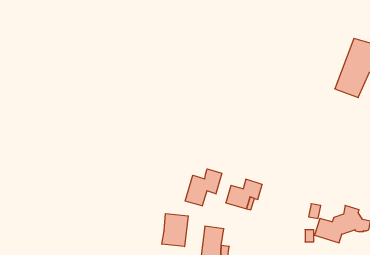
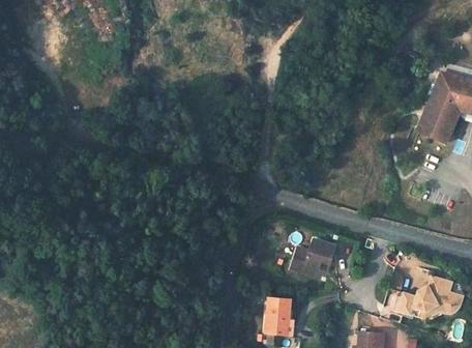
building: [185,169,222,206] -> none
building: [162,214,188,247] -> none

